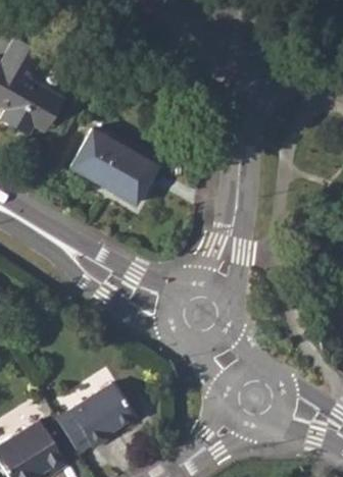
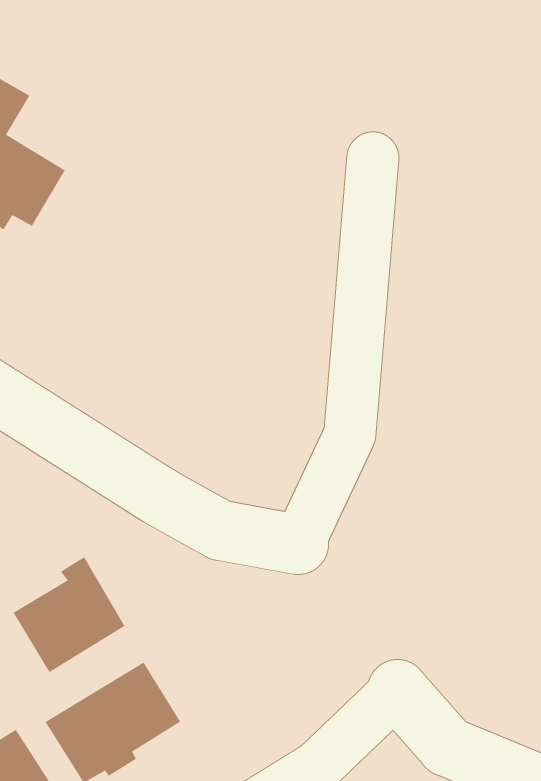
building: [69,130,154,204] -> none
building: none -> [13,556,125,673]

